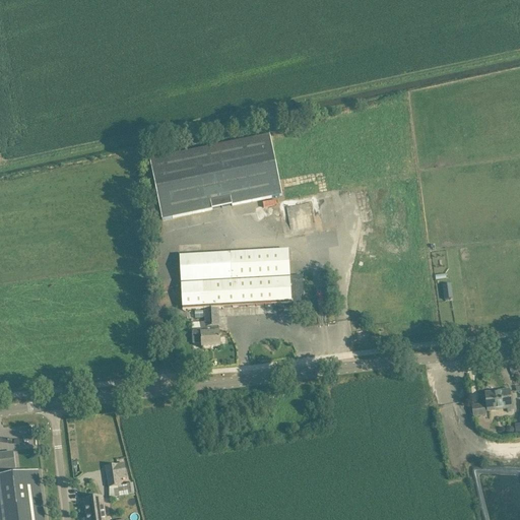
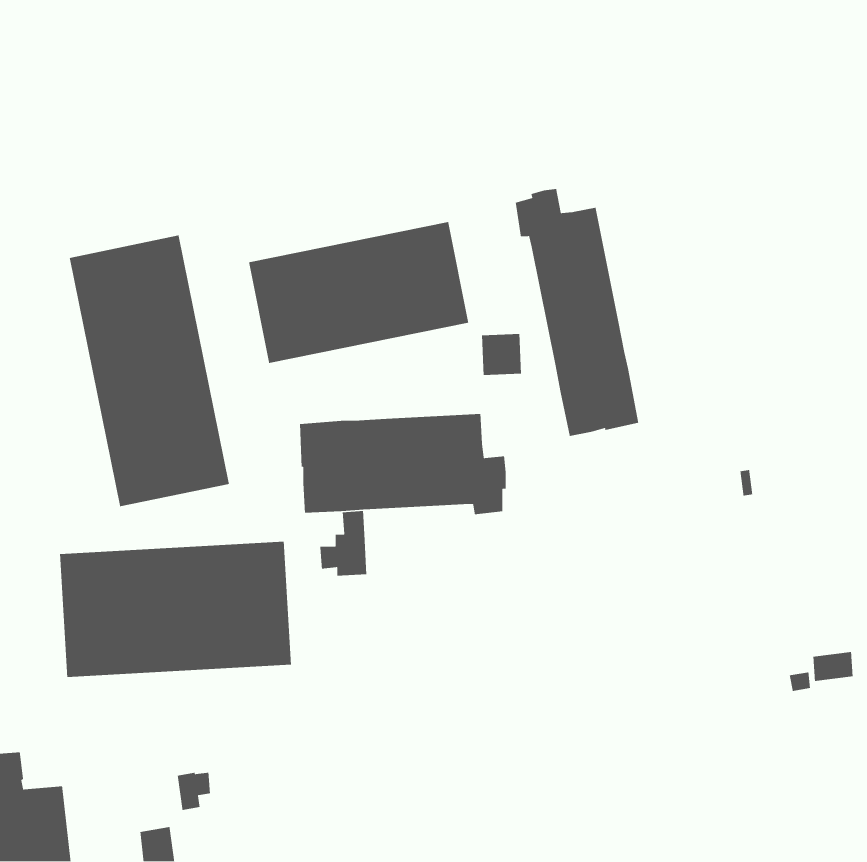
building: none -> [515,188,639,437]
building: none -> [69,235,230,507]
building: none -> [59,541,292,678]

